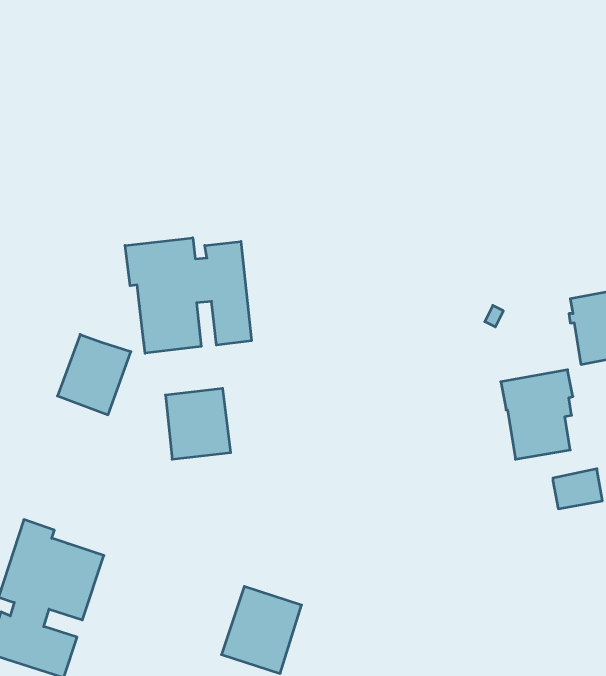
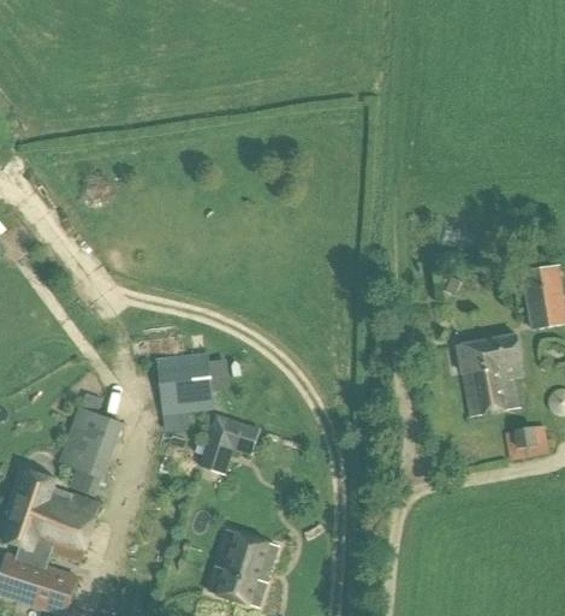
building: [125,238,251,353] -> none
building: [57,334,131,415] -> [58,407,124,479]
building: none -> [198,414,261,475]

